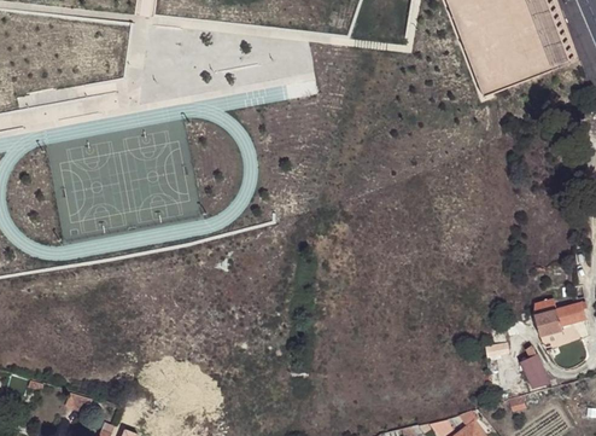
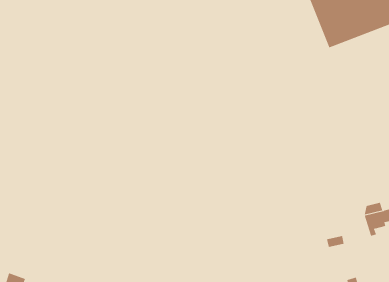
building: [521,344,550,389] -> none

